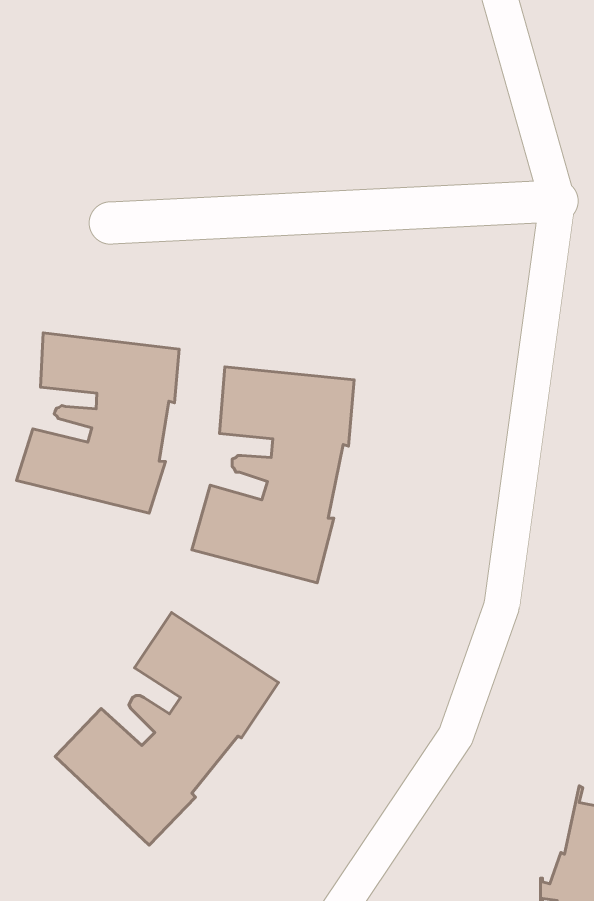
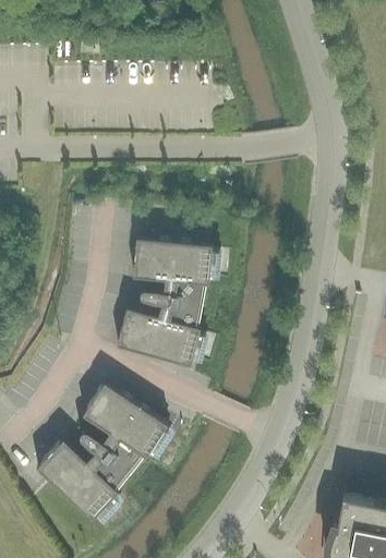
building: [16,333,179,513] -> none

